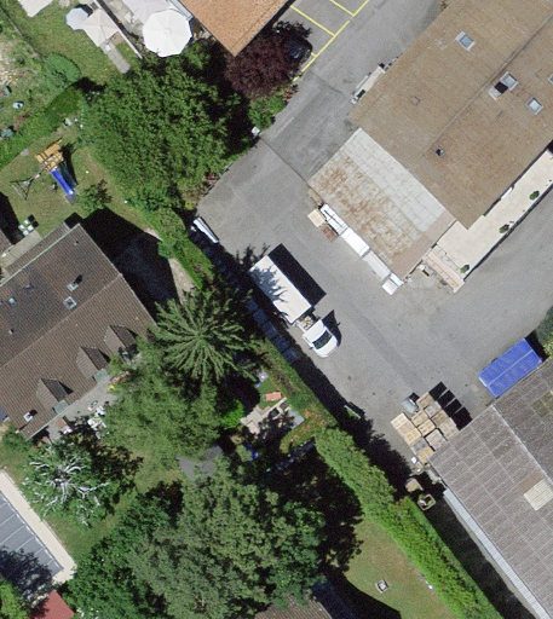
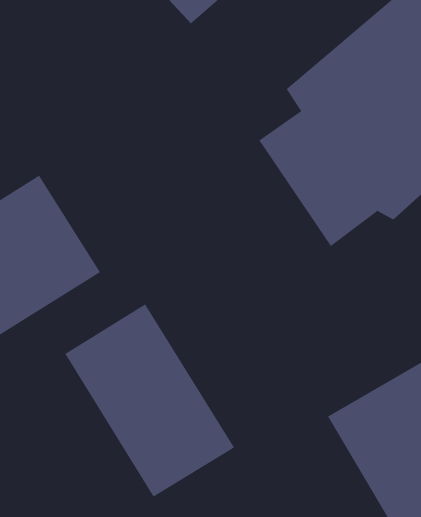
building: none -> [65,304,235,497]

